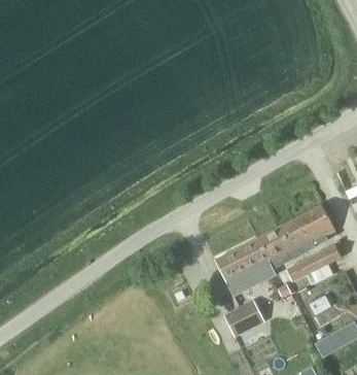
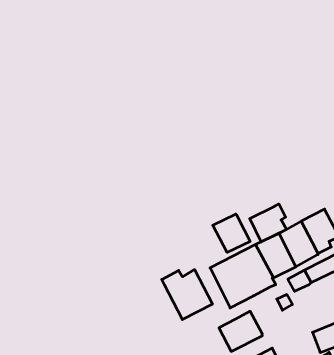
building: none -> [250,204,286,242]
building: none -> [213,214,250,252]
building: none -> [162,270,212,320]

